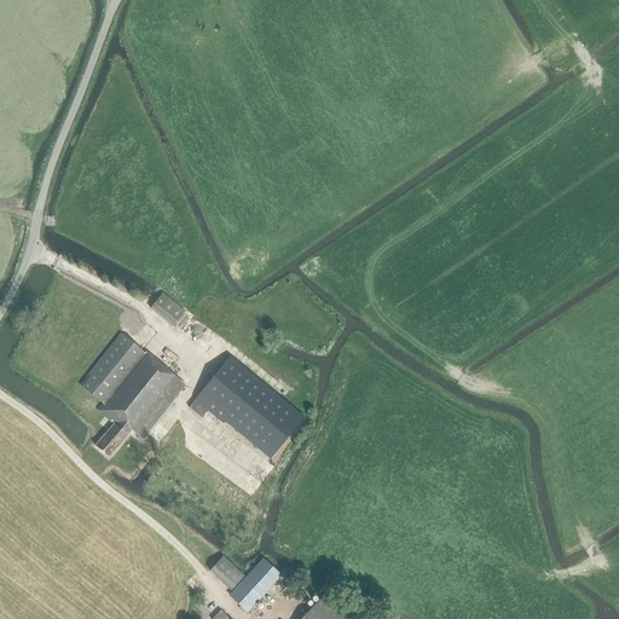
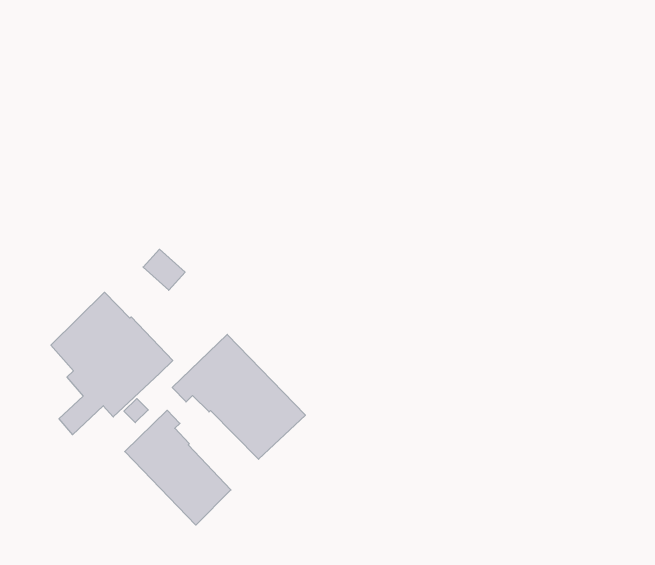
building: none -> [125,410,231,525]

